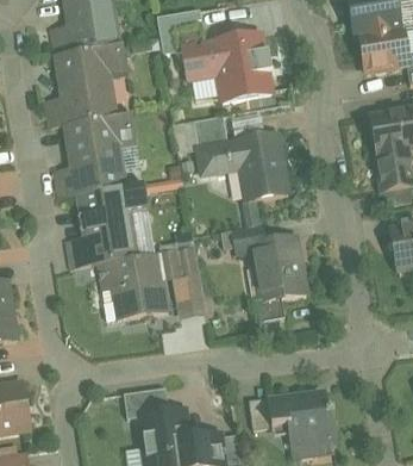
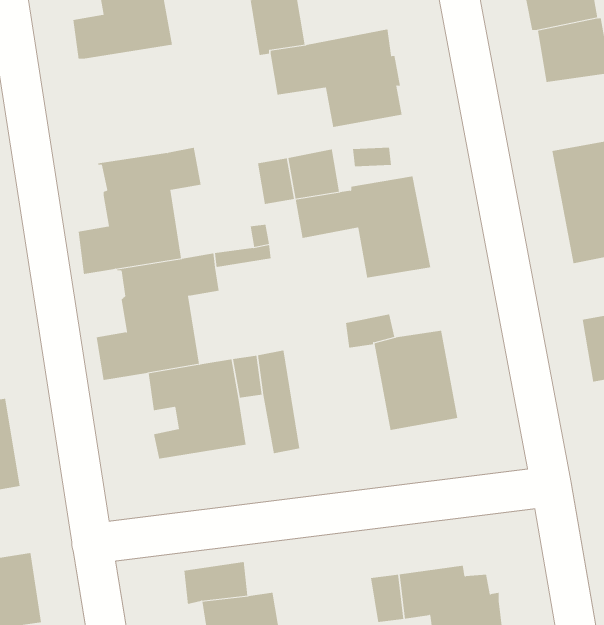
building: [45,44,127,126] -> none

